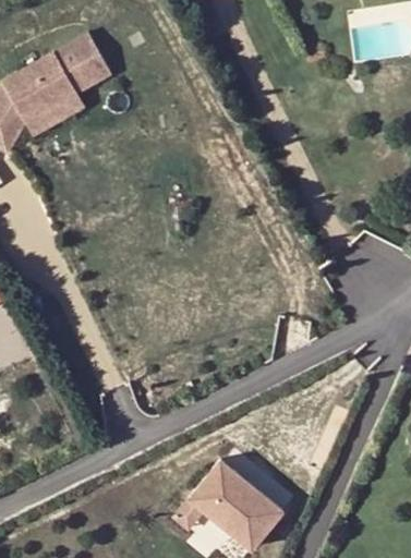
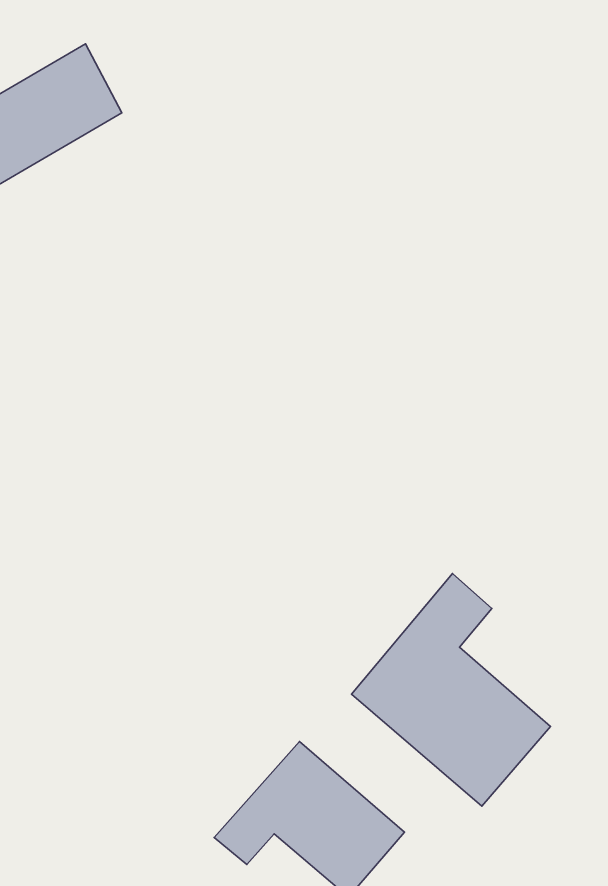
building: none -> [352,574,551,806]

